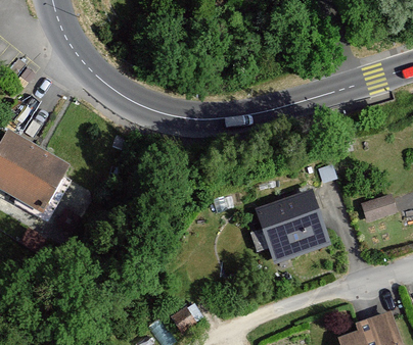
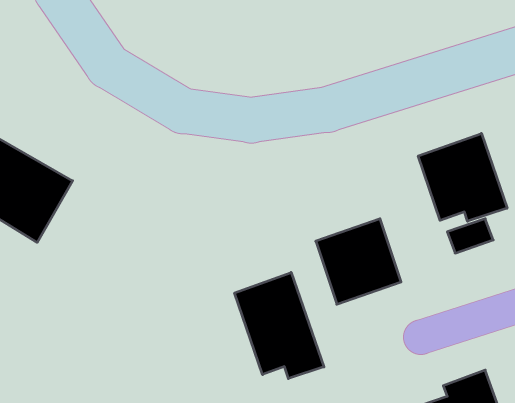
building: none -> [418,133,507,221]
building: none -> [235,272,324,379]

